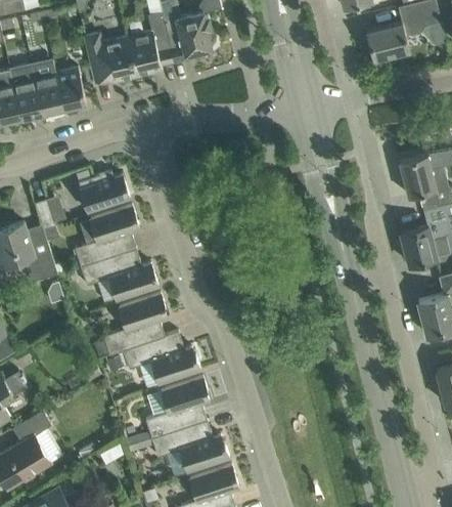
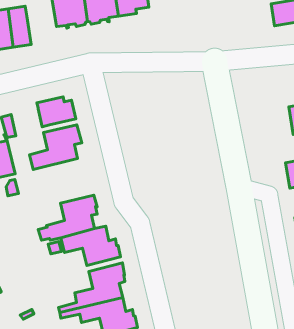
building: [57,68,86,109] -> none
building: [81,249,159,302] -> none

